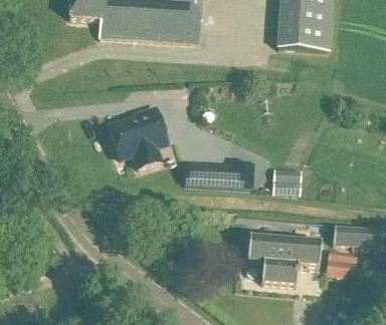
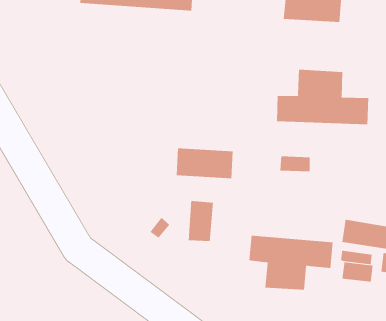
building: none -> [276,69,369,125]
building: [110,106,167,165] -> none
building: none -> [188,200,213,242]

